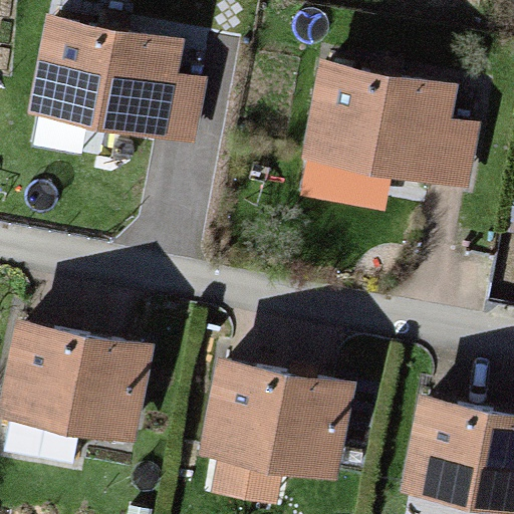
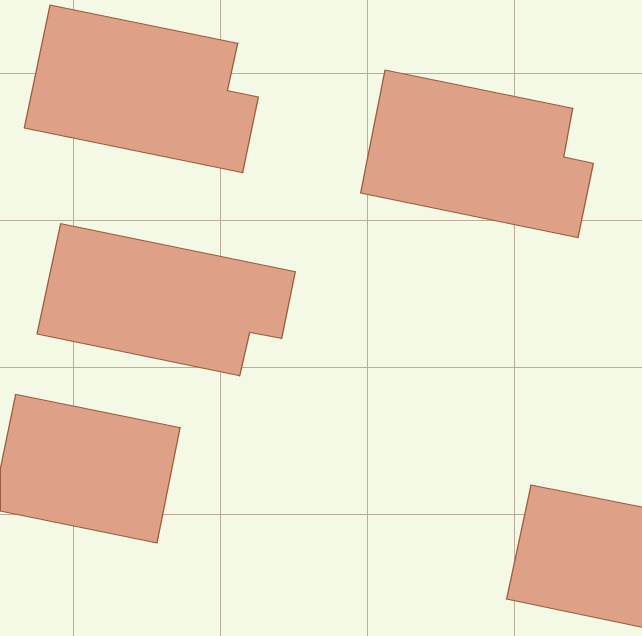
building: none -> [37,224,295,376]
building: [199,357,354,485] -> none

